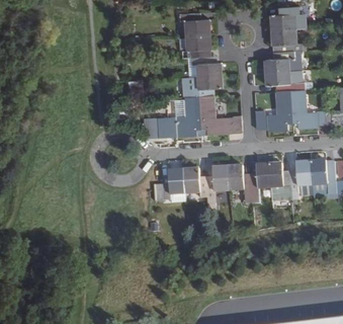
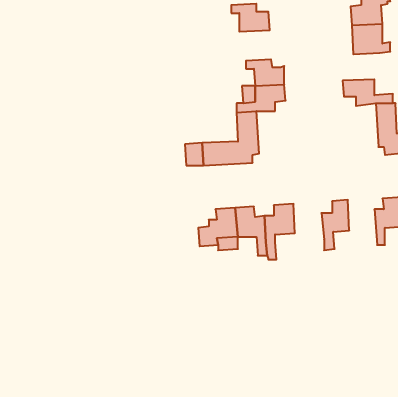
building: [182,33,210,57] -> none
building: [264,51,299,72] -> none
building: [255,89,292,131] -> none
building: [199,95,242,134] -> none
building: [269,163,291,199] -> none
building: [228,165,251,201] -> none

